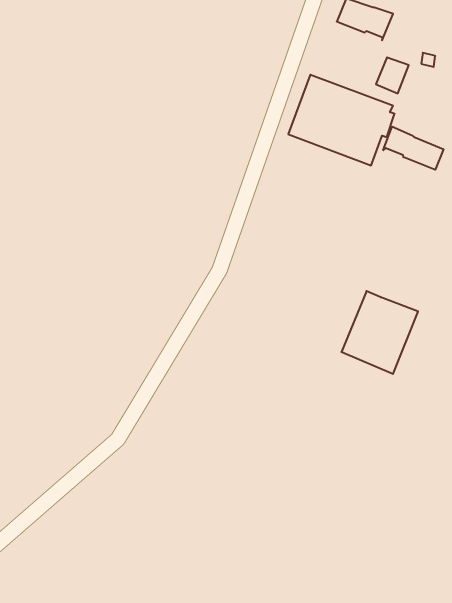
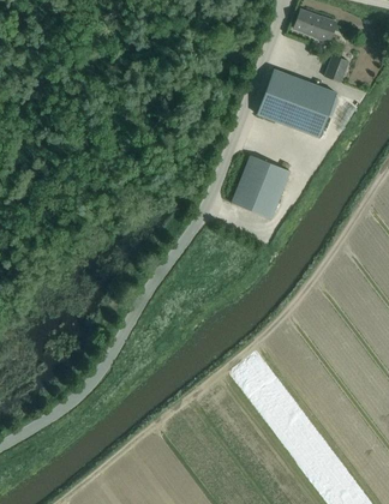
building: [383,127,443,170] -> none
building: [341,291,418,374] -> [231,155,289,218]

